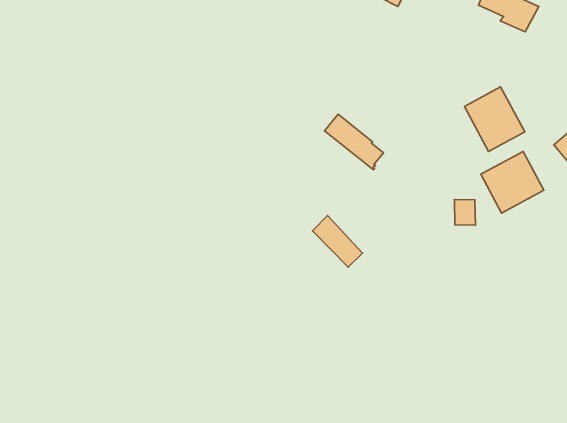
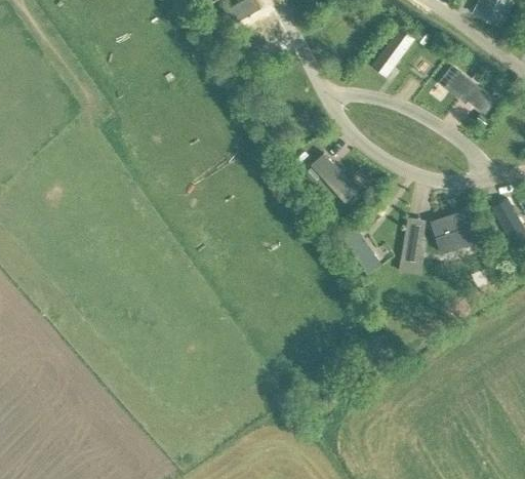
building: [464,87,525,151] -> none
building: [312,215,362,267] -> [345,230,381,274]

